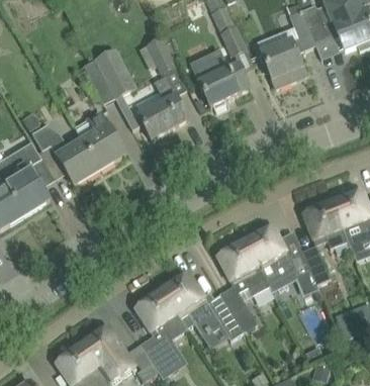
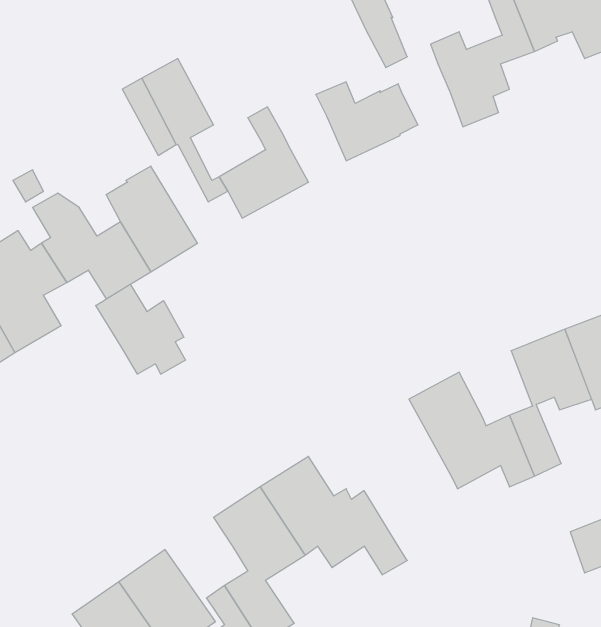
building: [145,36,175,73] -> none
building: none -> [96,284,186,374]
building: [216,240,269,330] -> none

